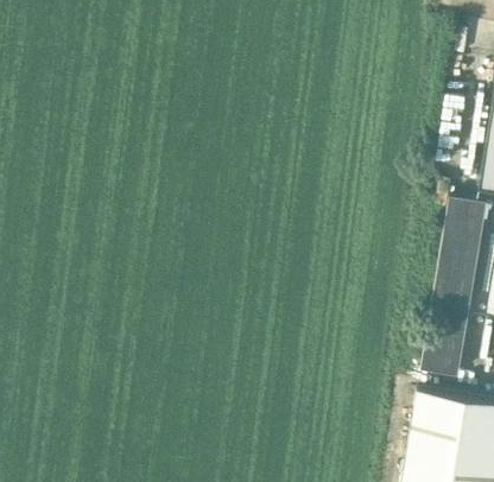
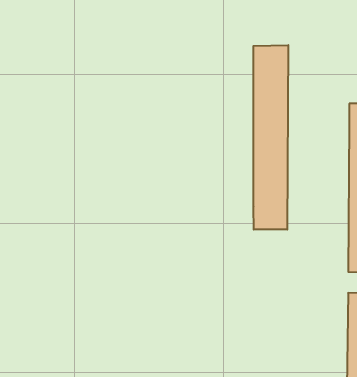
building: none -> [253,45,288,230]

